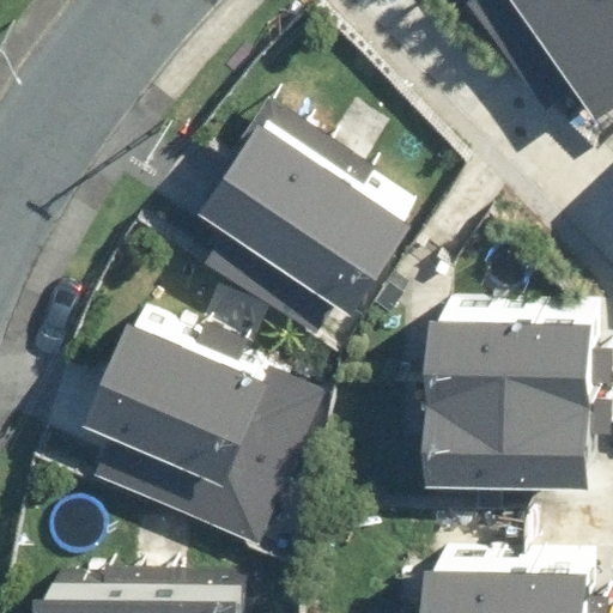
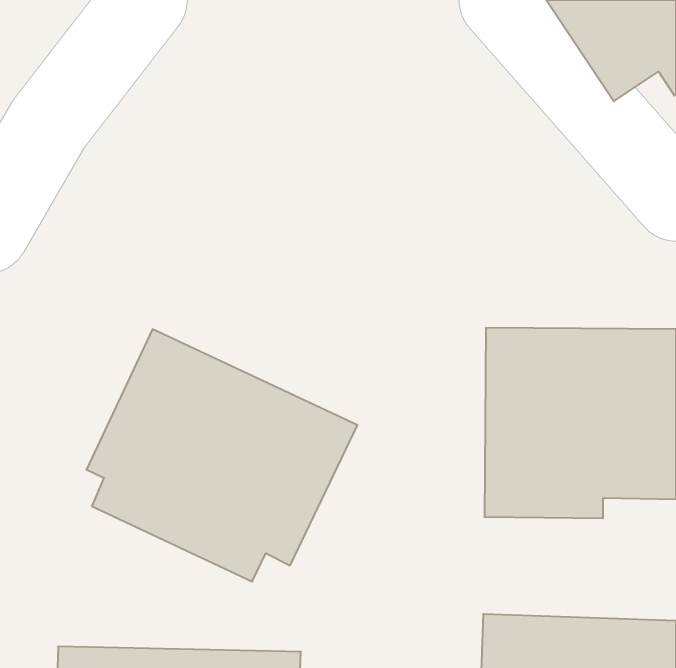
building: [206,109,419,323] -> none

